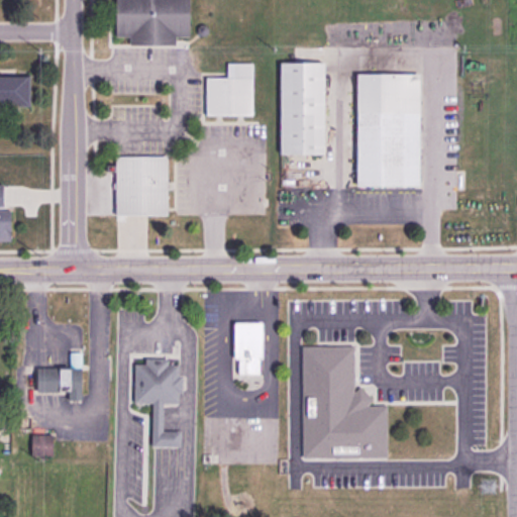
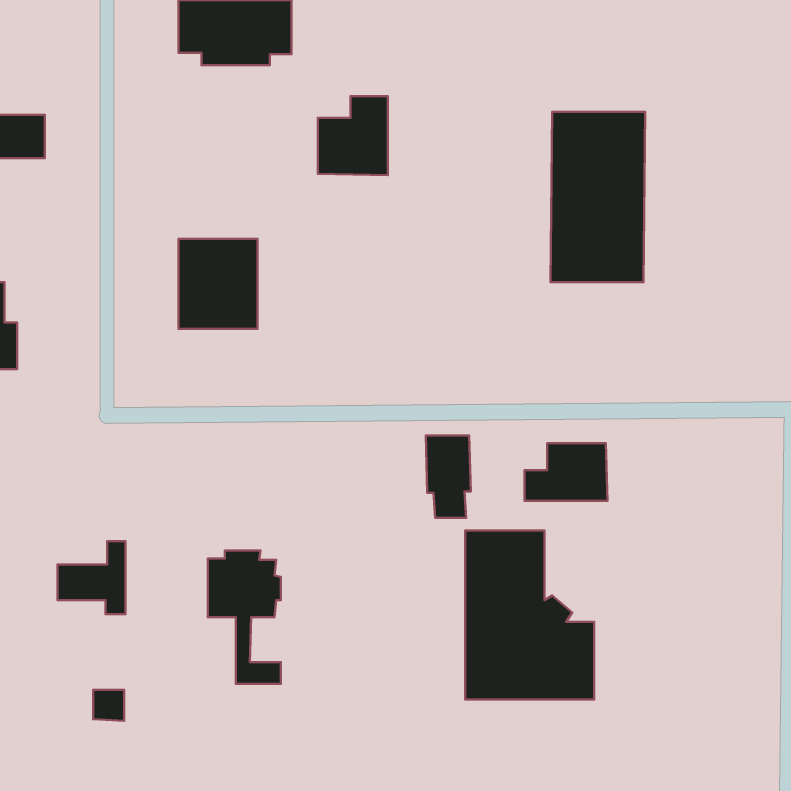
building: [281,62,325,152] -> none
building: none -> [524,443,607,501]
building: [233,322,263,376] -> [426,436,471,518]
building: [32,435,53,455] -> [93,690,124,721]

